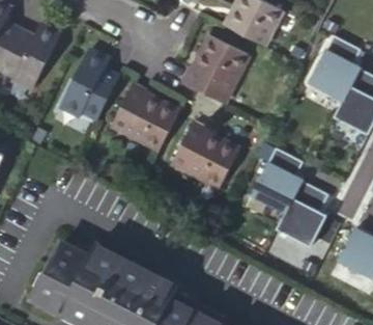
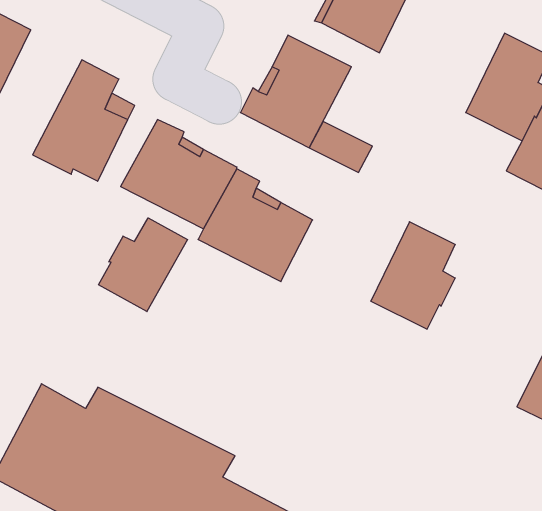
building: none -> [99,218,188,312]
building: [280,179,331,243] -> none

